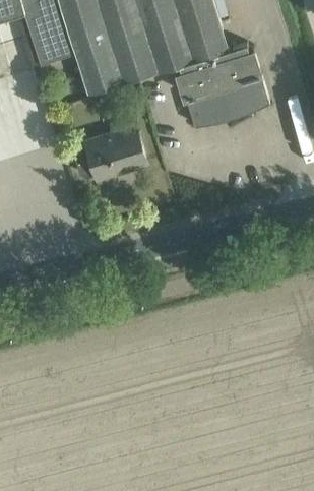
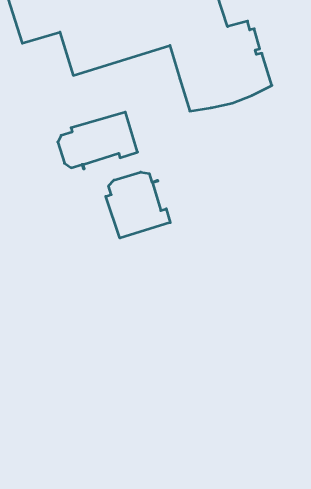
building: none -> [106,172,170,238]

